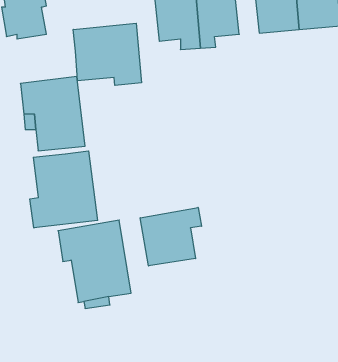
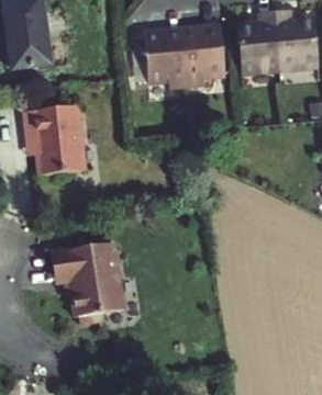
building: [73,23,141,85] -> none
building: [30,151,98,228] -> none
building: [140,207,202,266] -> none

